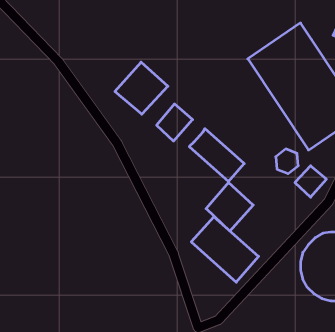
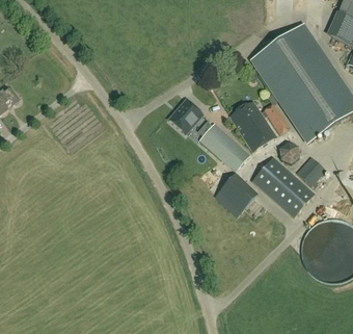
building: [115,62,168,114] -> none
building: none -> [229,100,288,150]
building: [191,217,259,282] -> [251,156,314,216]

